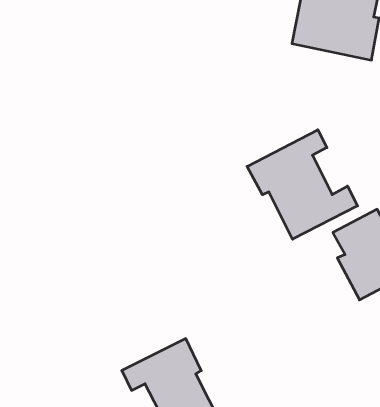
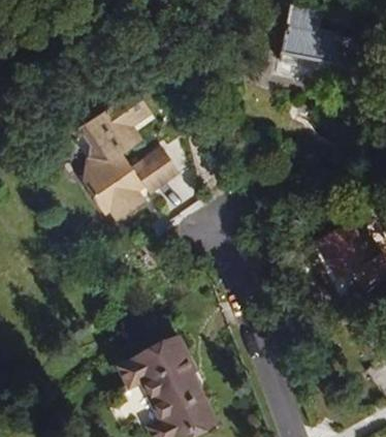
building: none -> [83,85,180,215]
building: [247,130,358,239] -> none

